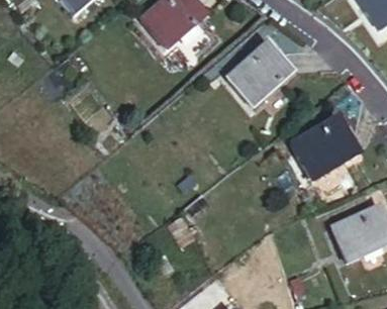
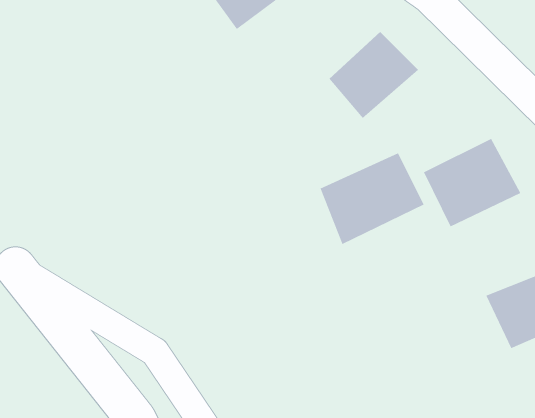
building: none -> [320,152,424,245]

